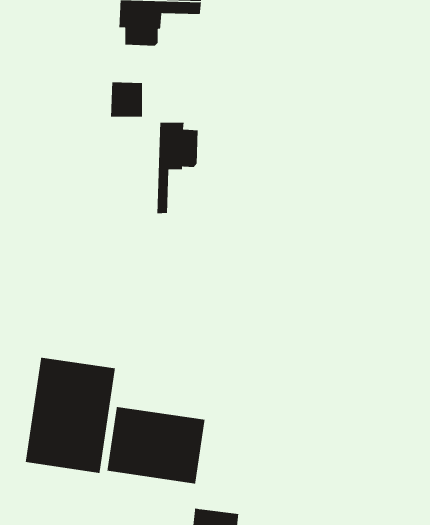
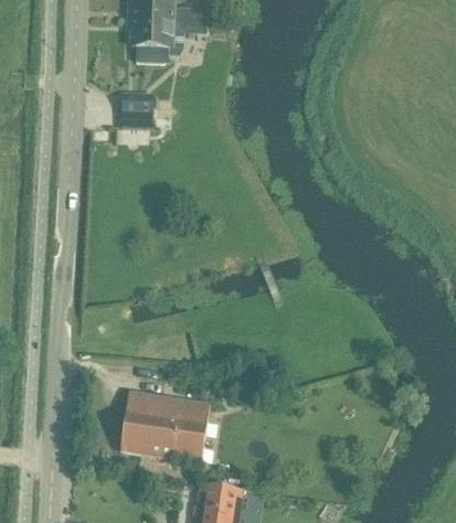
building: [156,122,198,214] -> none
building: [25,357,116,474] -> none

